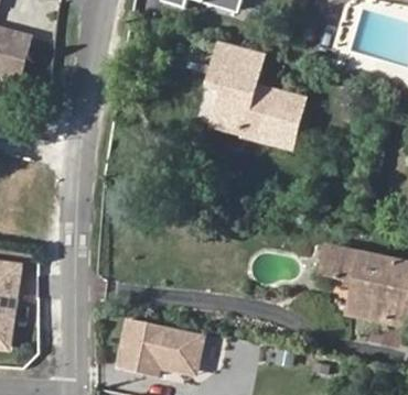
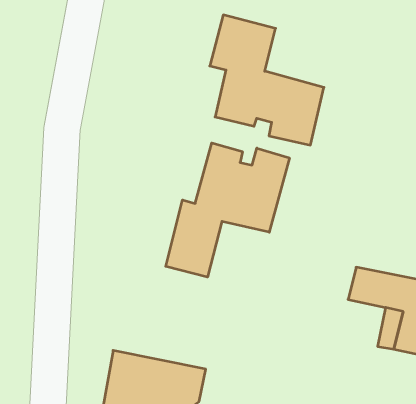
building: none -> [166,143,289,277]

